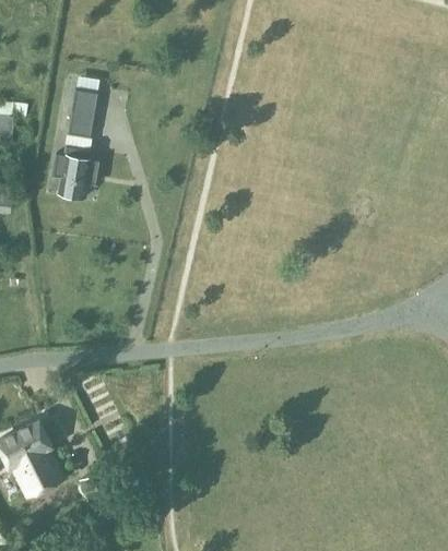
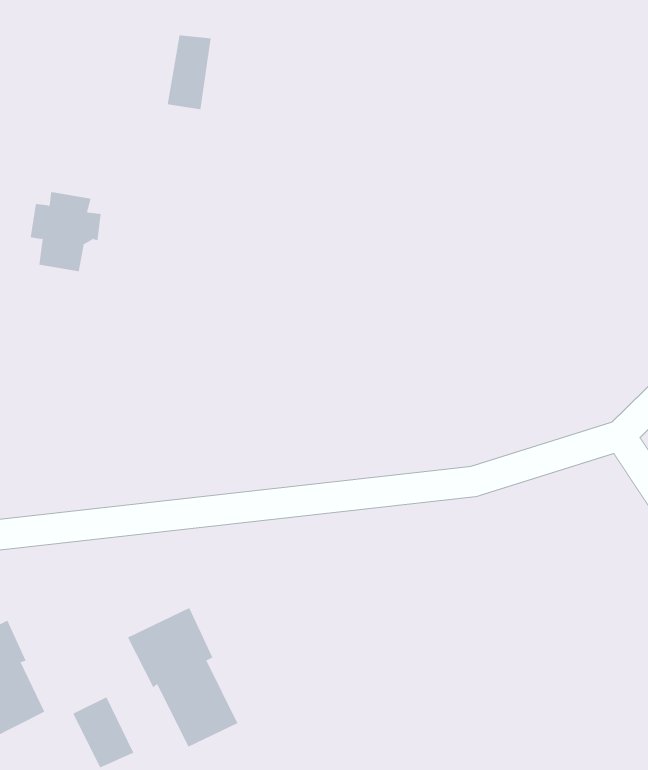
building: [67,89,95,137] -> [167,35,211,110]
building: none -> [127,607,238,748]

